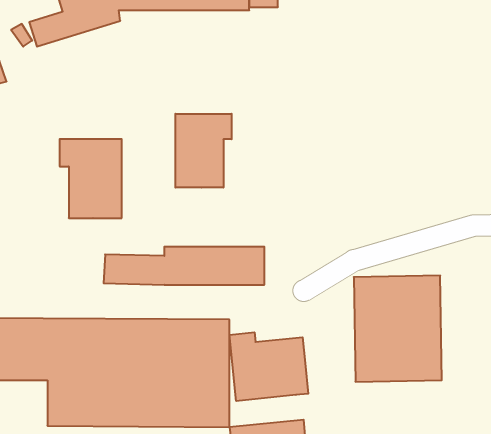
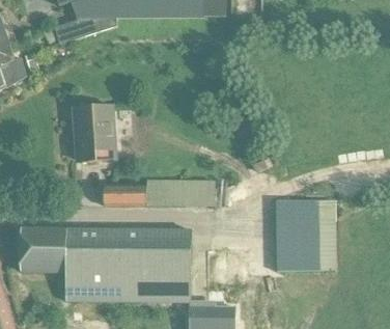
building: [175,114,232,188] -> none
building: [229,332,308,401] -> none

